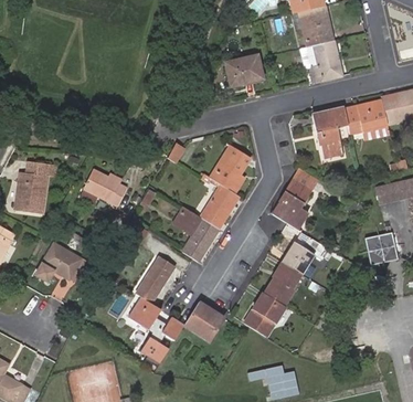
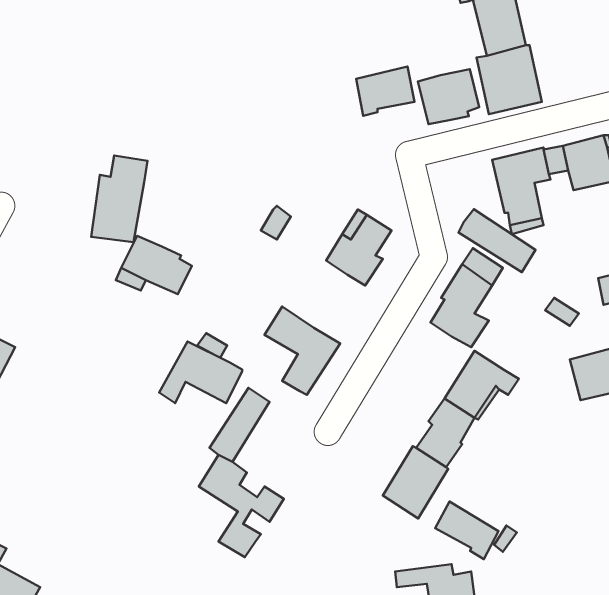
building: none -> [418,69,479,124]
building: none -> [459,209,536,272]
building: [13,162,49,216] -> [91,156,148,242]
building: [200,186,236,229] -> none
building: [38,239,89,277] -> [159,341,242,403]
building: [182,303,225,343] -> none
building: none -> [435,502,498,559]

